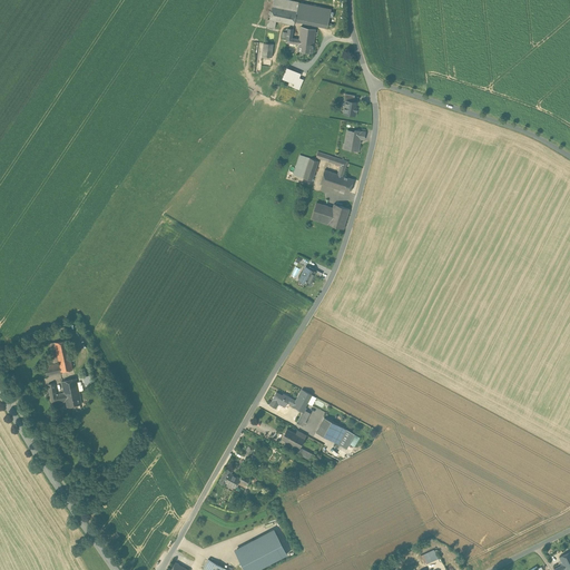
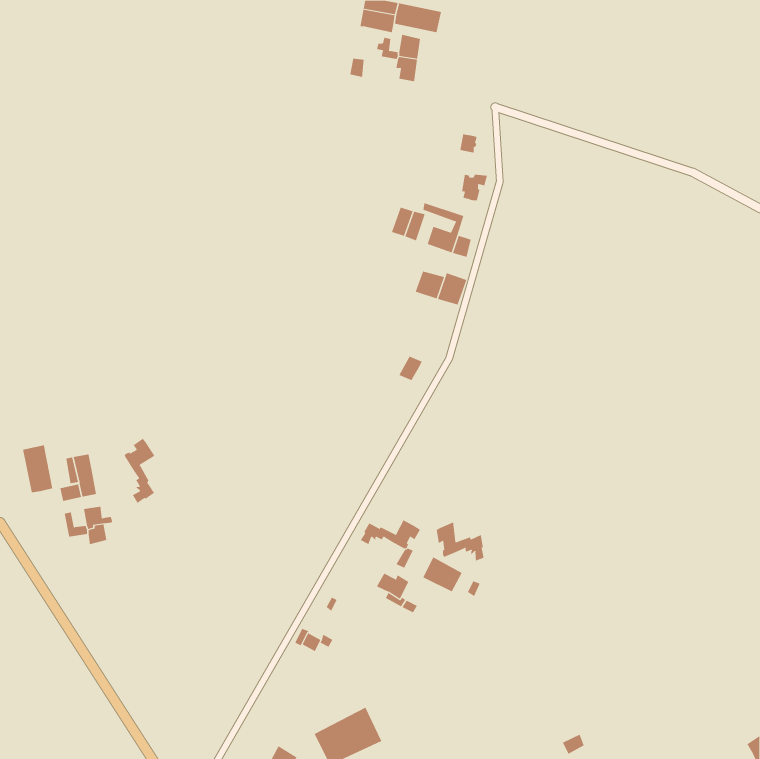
building: none -> [124,438,155,504]
building: none -> [23,445,53,493]
building: none -> [436,522,484,561]

